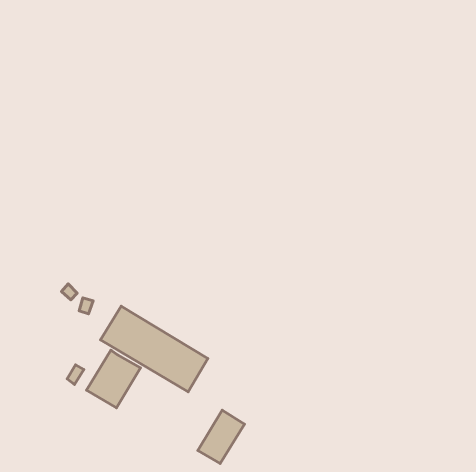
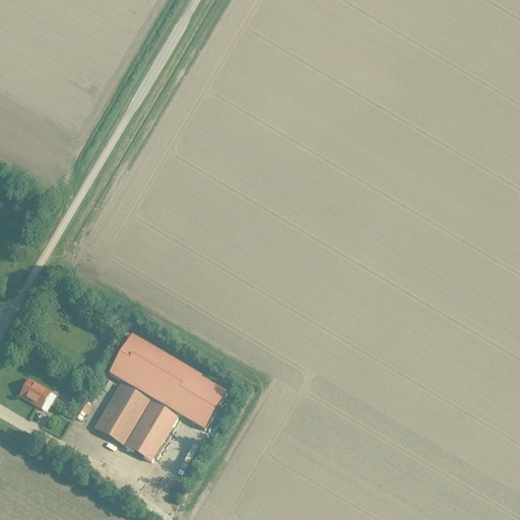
building: none -> [20,377,51,406]
building: [198,410,244,463] -> [127,401,178,459]

